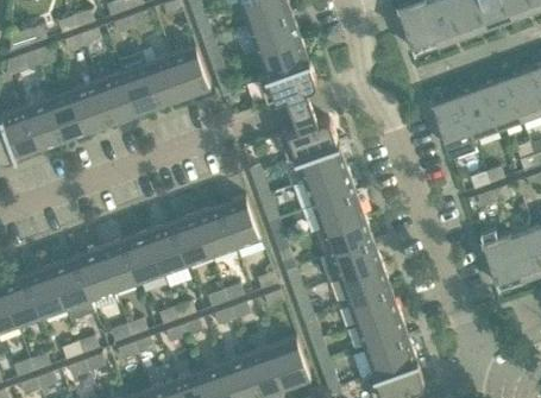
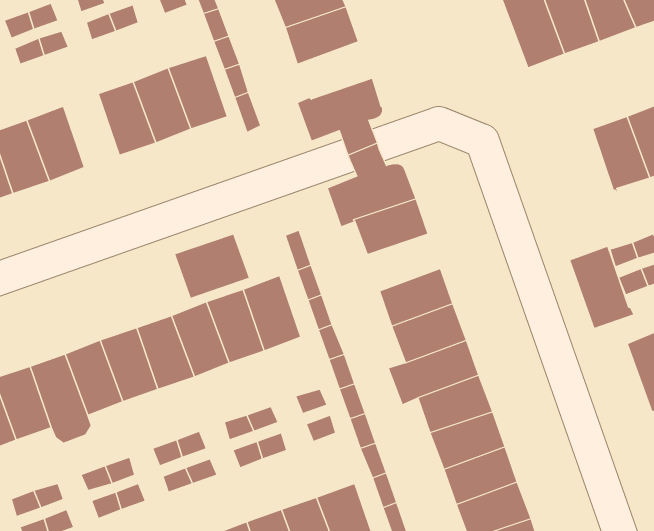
building: [257,37,308,76] -> none
building: [97,72,136,122] -> none
building: [432,96,476,152] -> [569,246,634,328]
building: [304,168,354,207] -> none
building: none -> [175,234,249,299]

